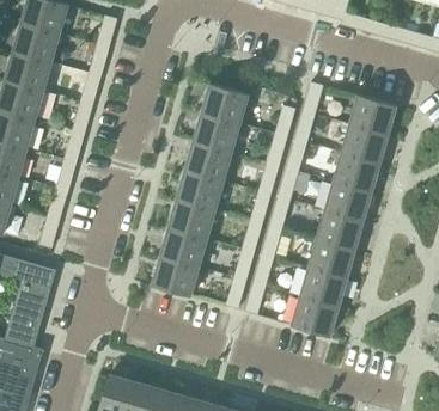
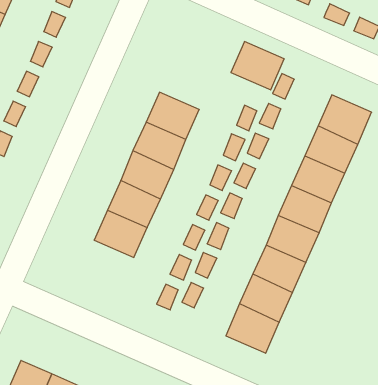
building: [201,85,248,125] -> [231,42,284,90]
building: [152,257,199,297] -> none

